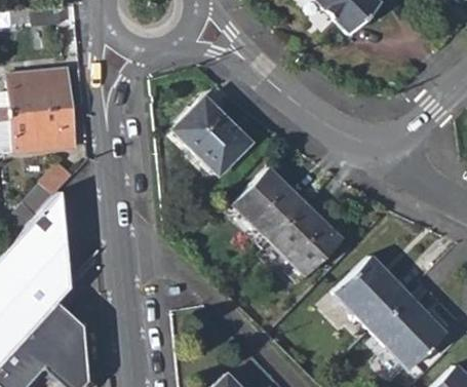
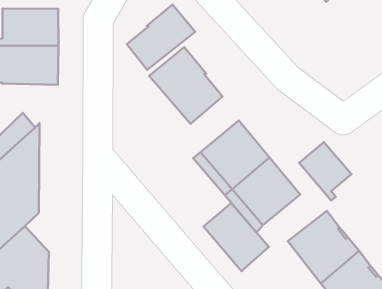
building: none -> [127,5,195,70]
building: none -> [299,142,351,201]
building: none -> [204,203,269,271]

